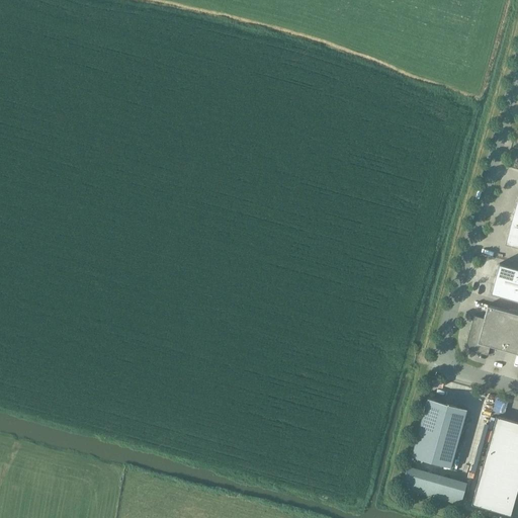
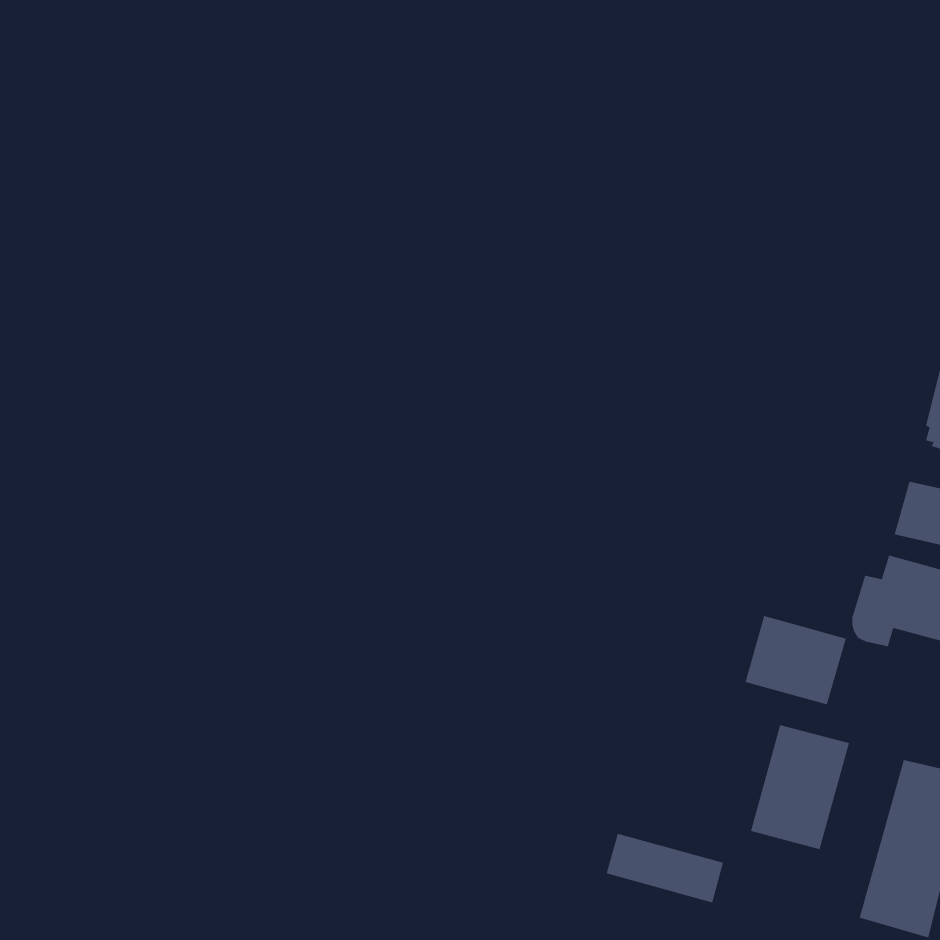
building: none -> [745,615,846,705]
building: [404,466,468,505] -> [606,833,724,903]

